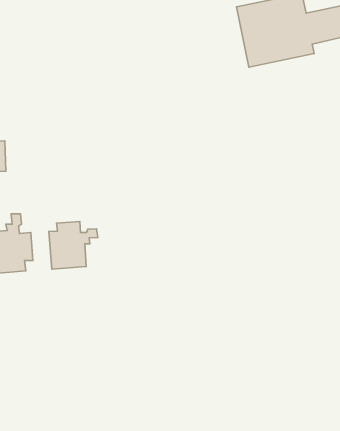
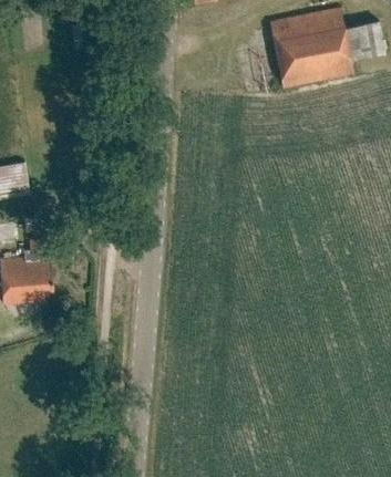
building: [49,221,98,269] -> none

